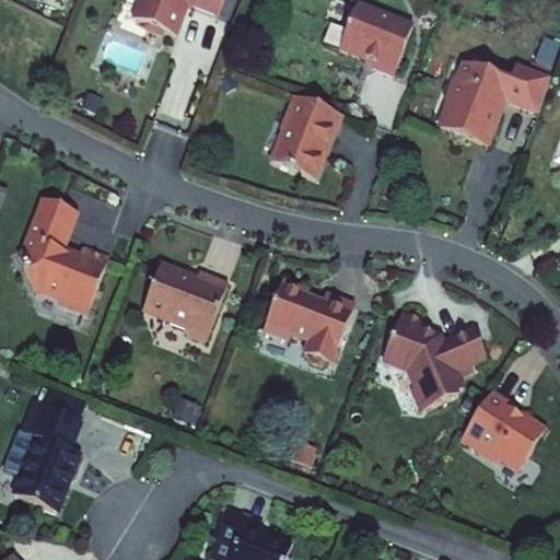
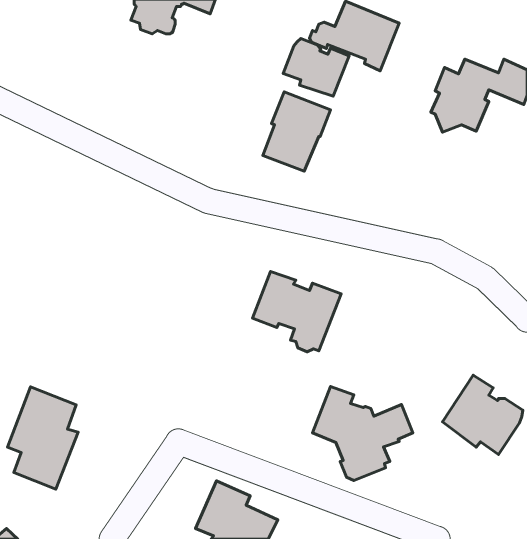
building: none -> [283,38,349,96]
building: [20,200,108,313] -> none
building: [142,264,226,339] -> none
building: [380,311,483,408] -> [313,386,413,480]

